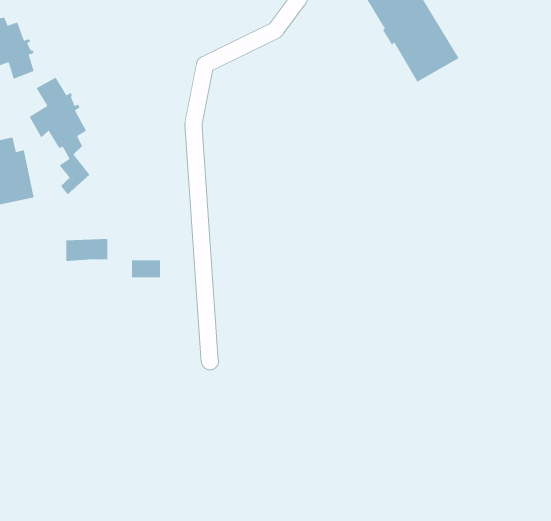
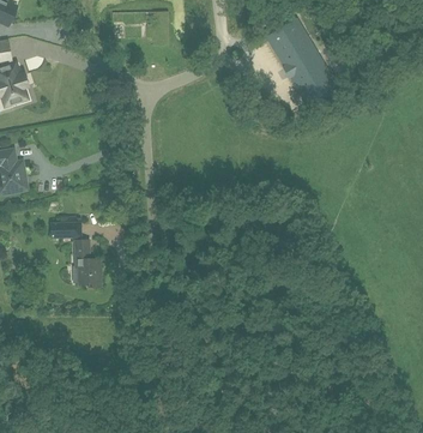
building: [29,77,90,195] -> none
building: none -> [73,237,98,283]

